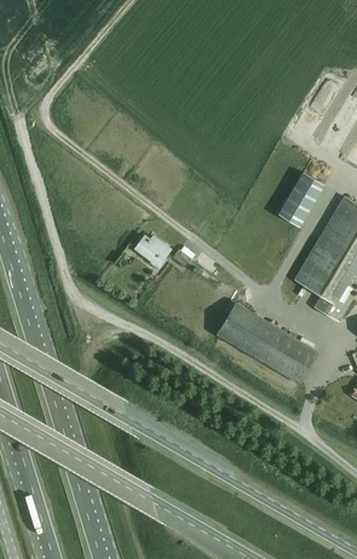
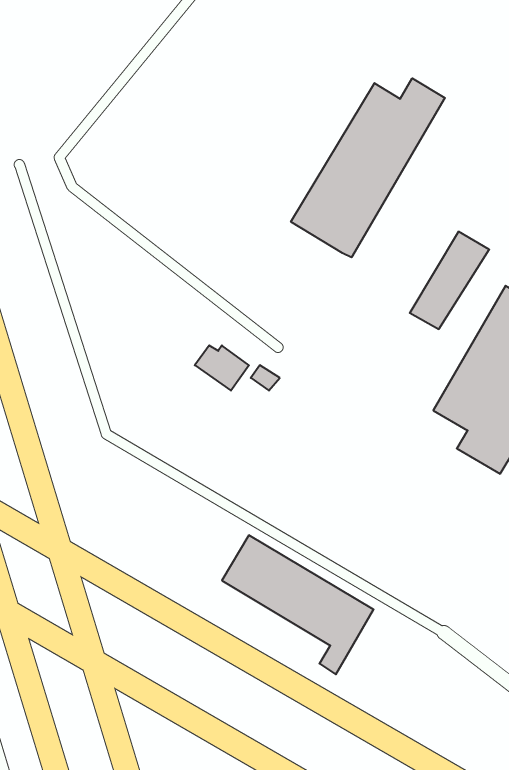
building: none -> [291,78,445,257]
building: [215,302,317,396] -> [222,535,374,674]

